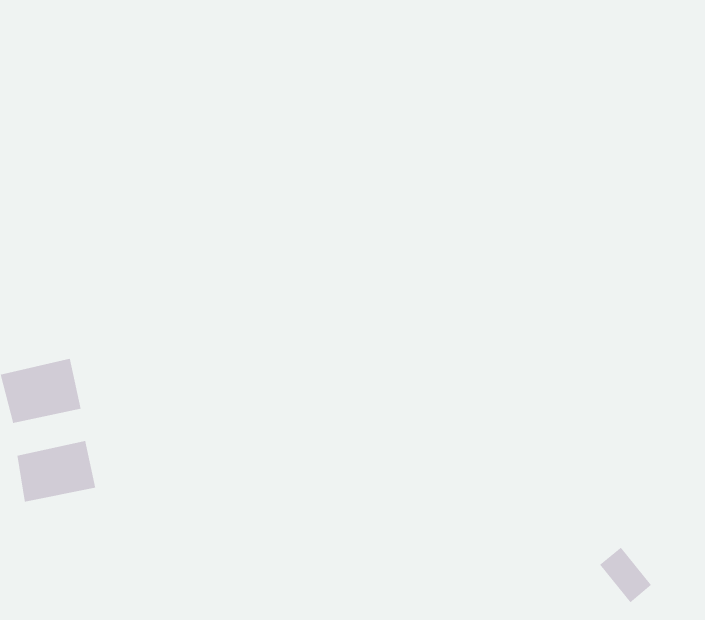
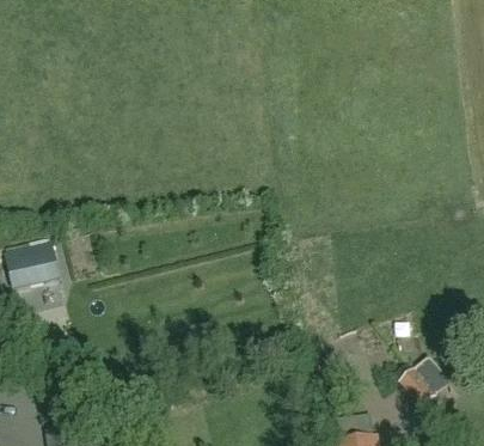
building: [17,440,96,502] -> none

